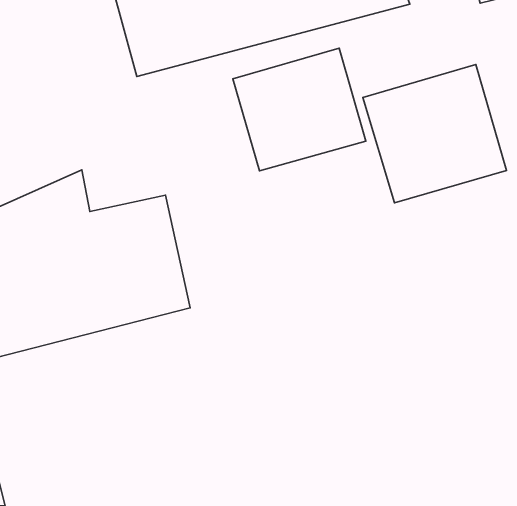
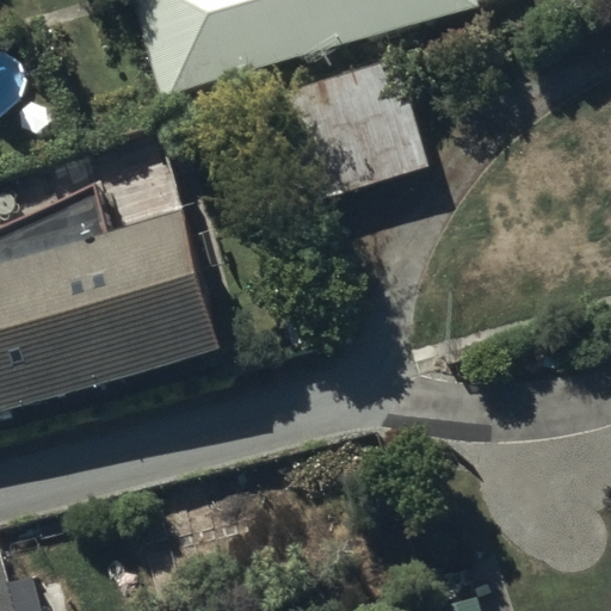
building: [363,64,507,203] -> none

